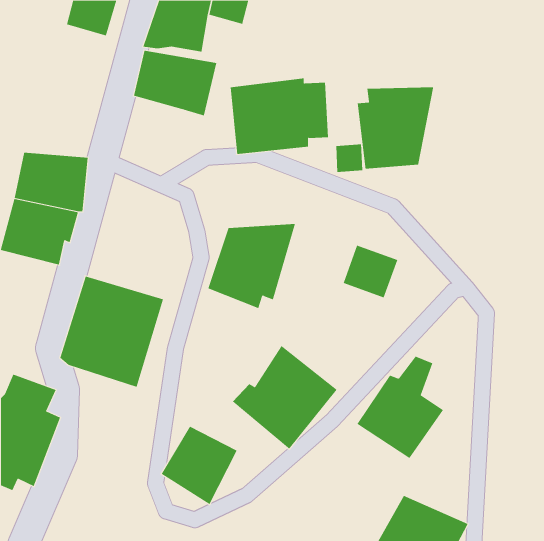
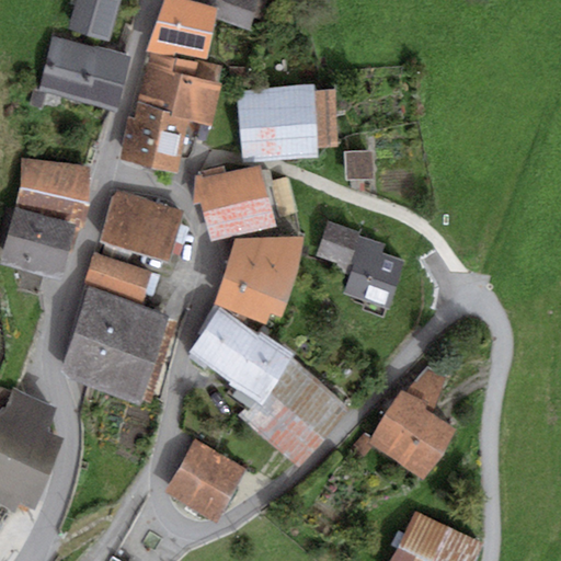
building: none -> [42,39,130,110]
building: [357,86,434,170] -> none
building: none -> [119,102,188,171]
building: none -> [194,163,276,241]
building: none -> [101,192,185,260]
building: none -> [321,228,366,270]
building: none -> [85,253,152,297]
building: none -> [186,306,294,401]

